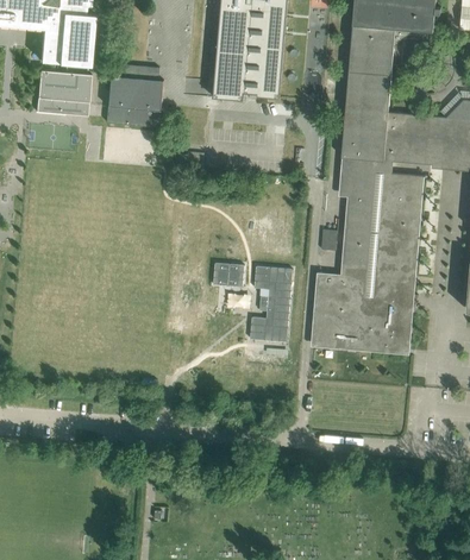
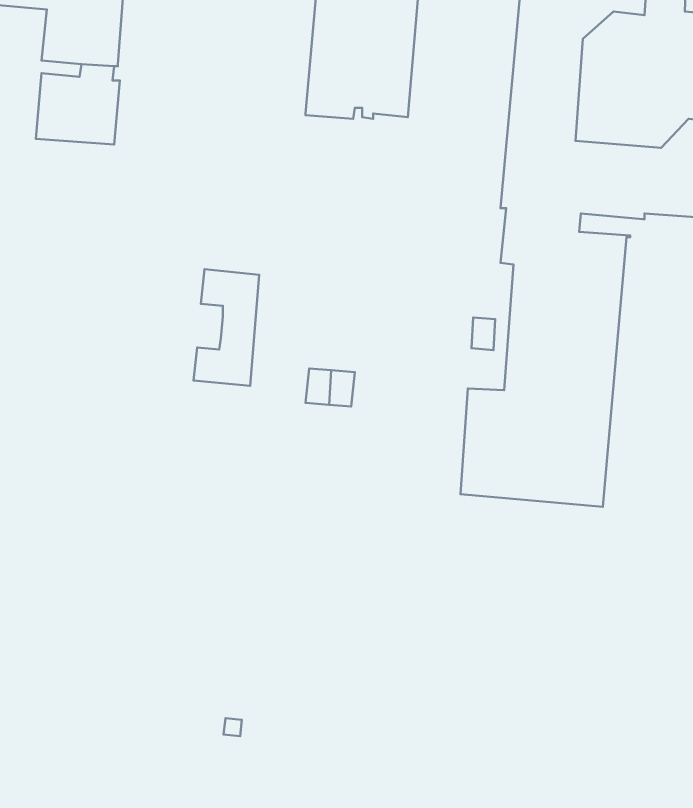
building: [106,63,164,127] -> none
building: [250,265,293,341] -> [194,269,259,386]

